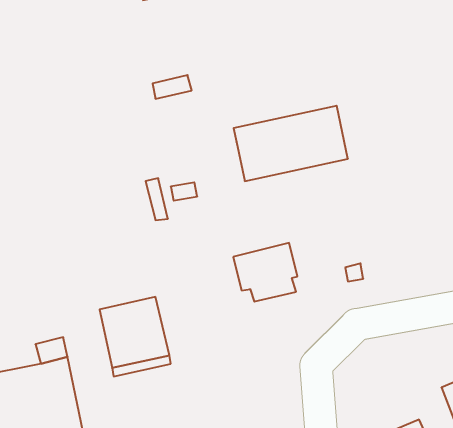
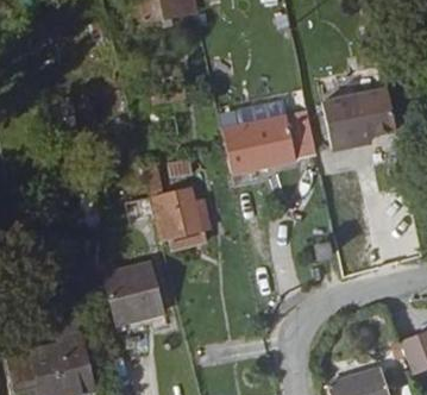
building: none -> [326,90,396,149]
building: [233,243,297,302] -> [157,207,212,257]

